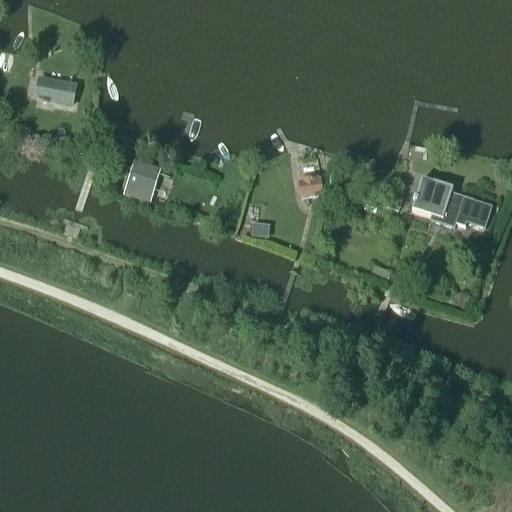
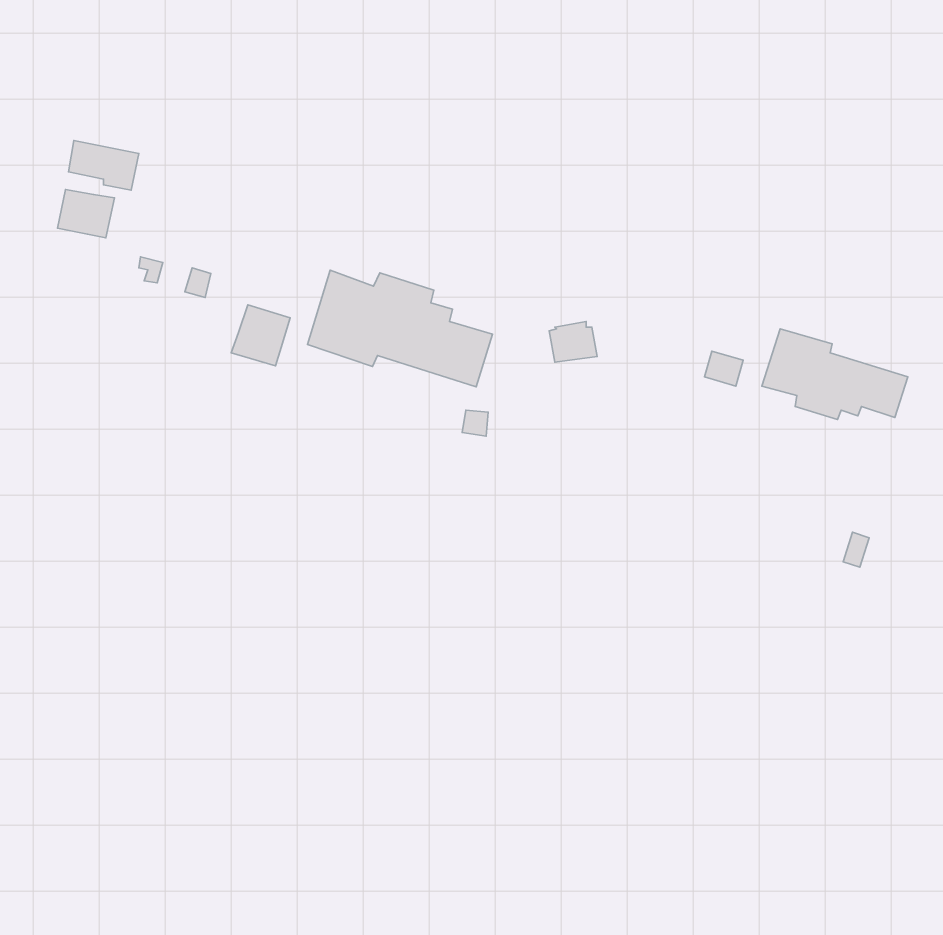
building: none -> [58,190,115,238]
building: none -> [308,270,493,387]

